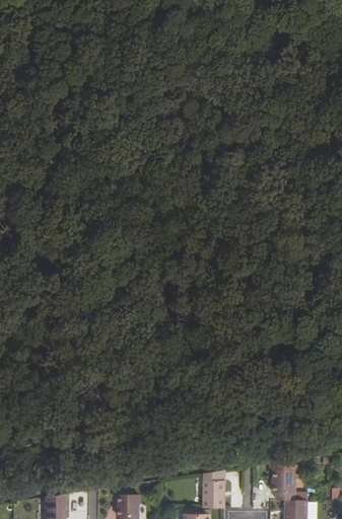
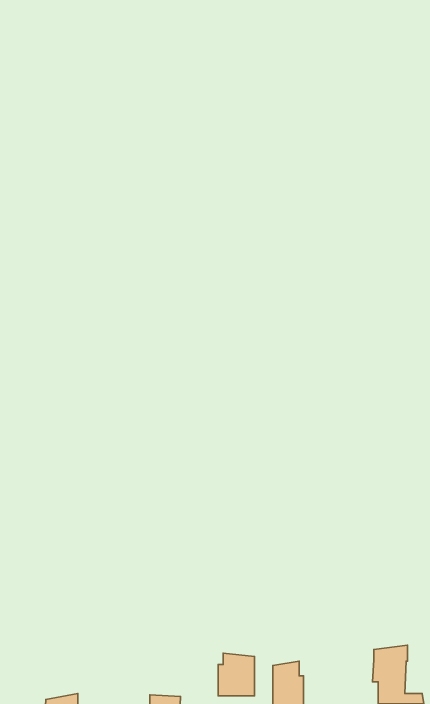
building: none -> [218,653,254,696]

